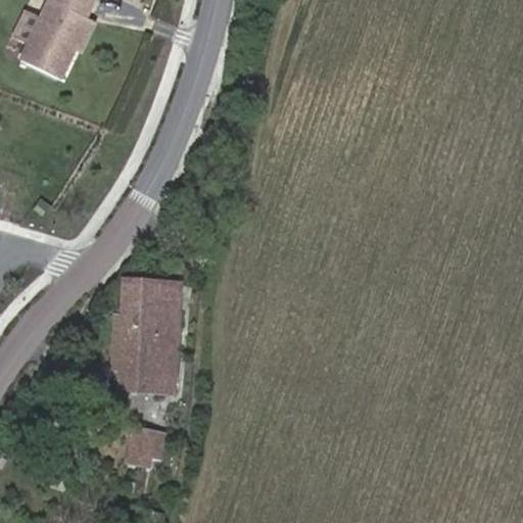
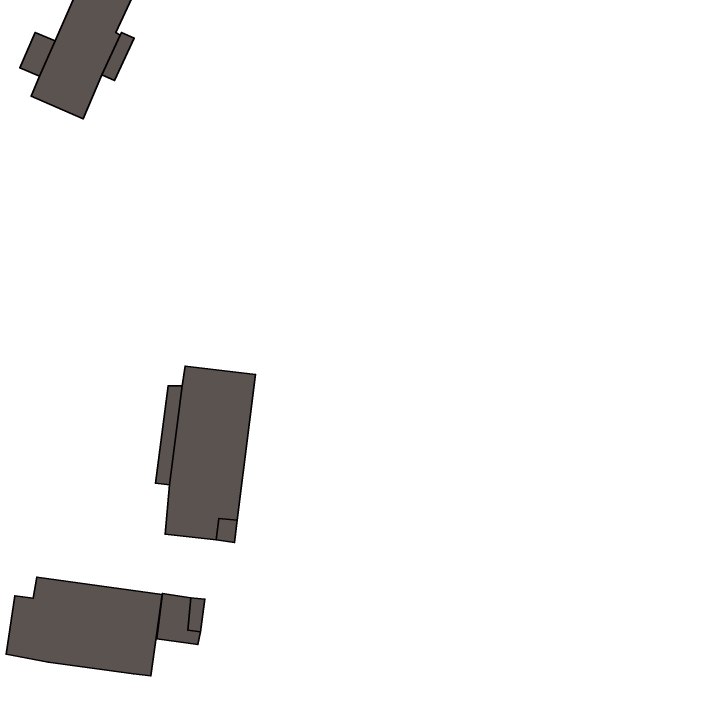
building: none -> [6,577,162,676]

